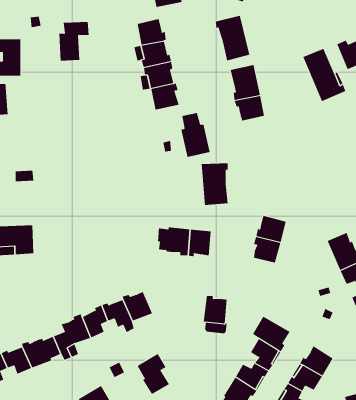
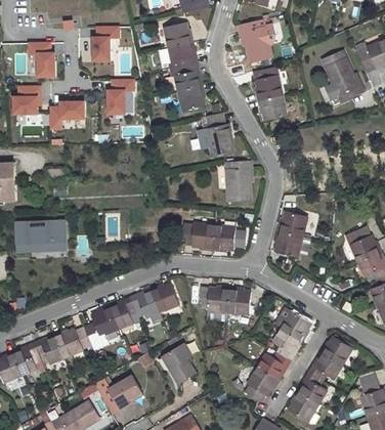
building: none -> [104,79,133,116]
building: none -> [47,101,84,131]
building: none -> [199,287,230,321]

